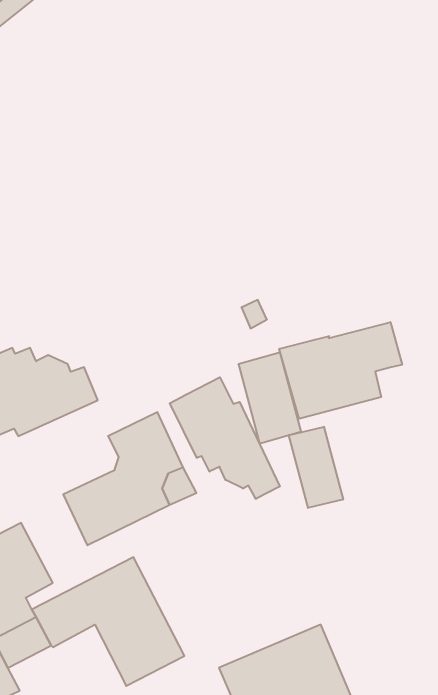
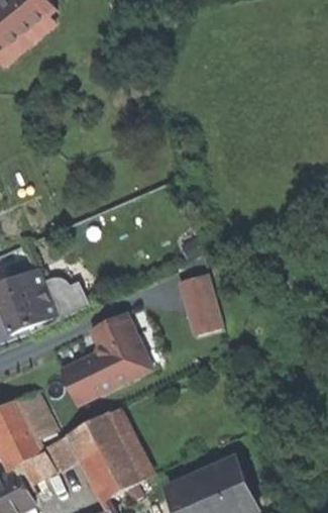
building: [279,322,402,419] -> none
building: [170,377,280,499] -> none
building: [289,427,343,508] -> none

